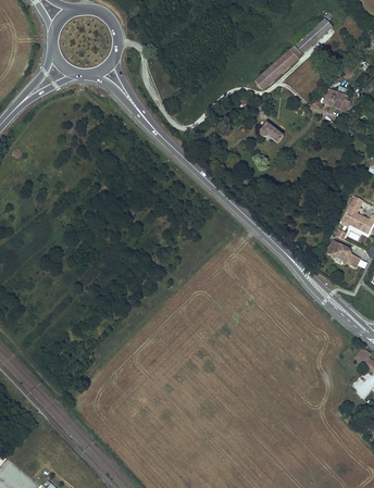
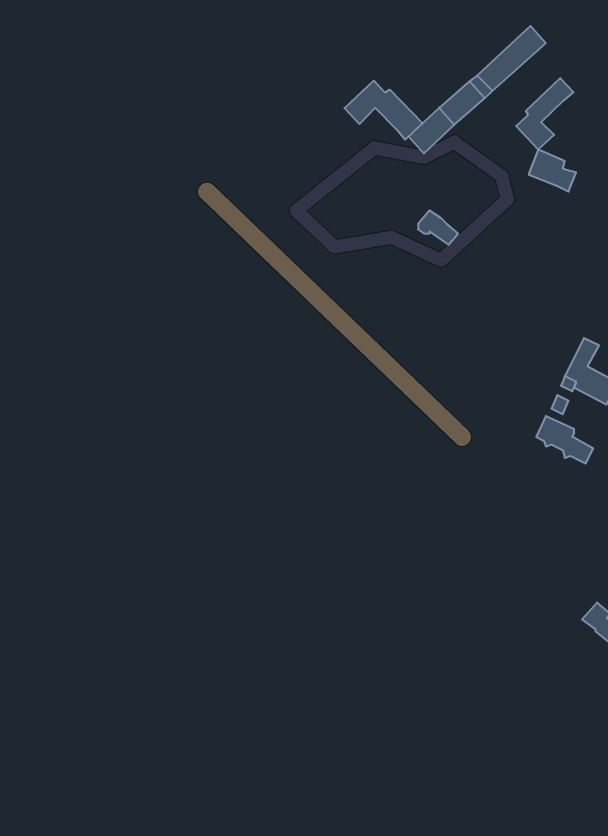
building: none -> [516,78,573,150]
building: none -> [344,81,423,140]

